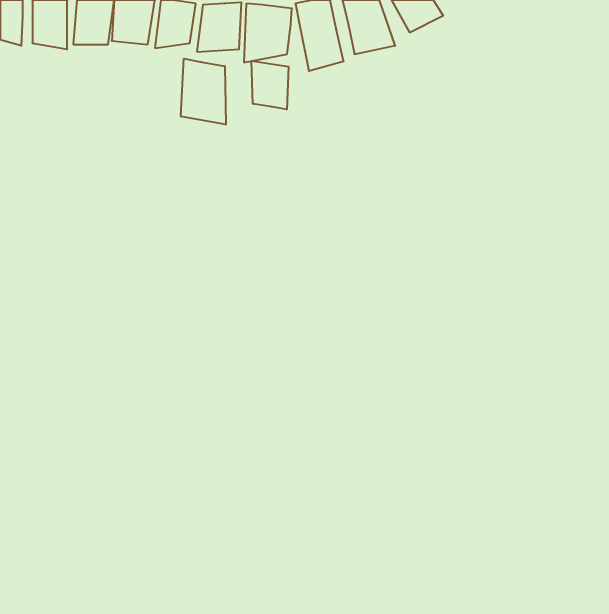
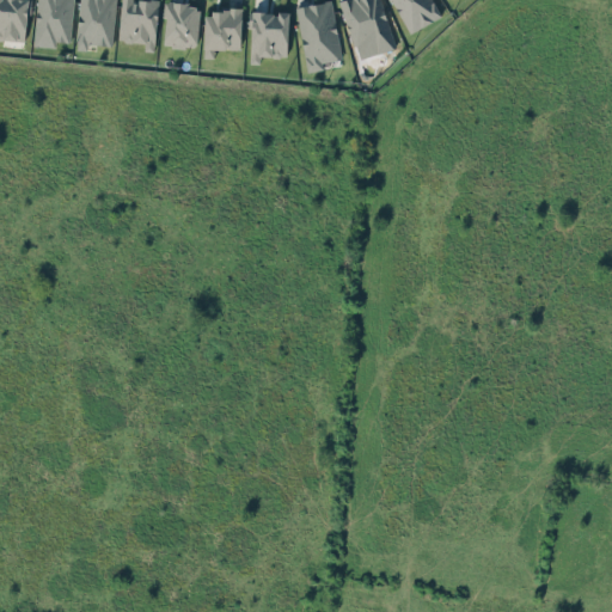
building: [181,59,226,125] -> none
building: [251,61,289,109] -> none

